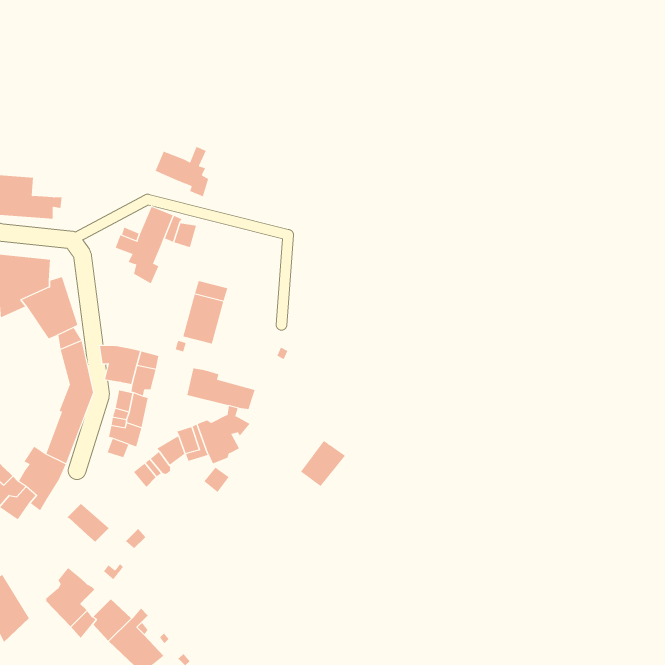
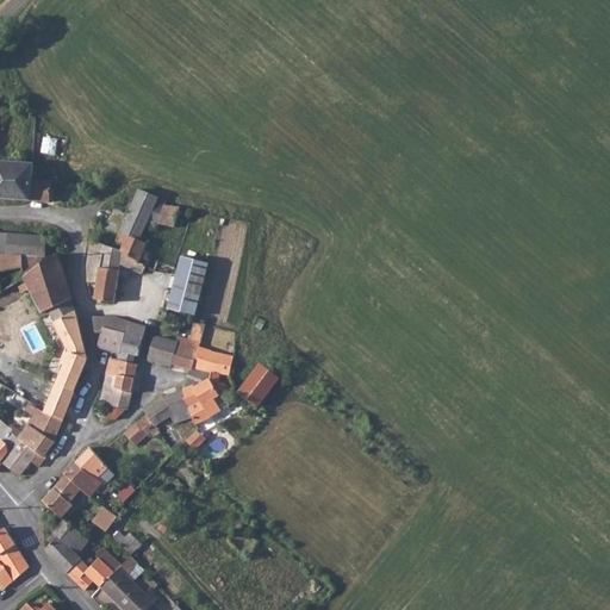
building: [155,146,209,197] -> none
building: none -> [86,241,144,303]
building: none -> [145,336,175,366]
building: [300,440,346,487] -> [236,363,278,406]
building: none -> [74,447,114,485]
building: none -> [39,475,79,518]

